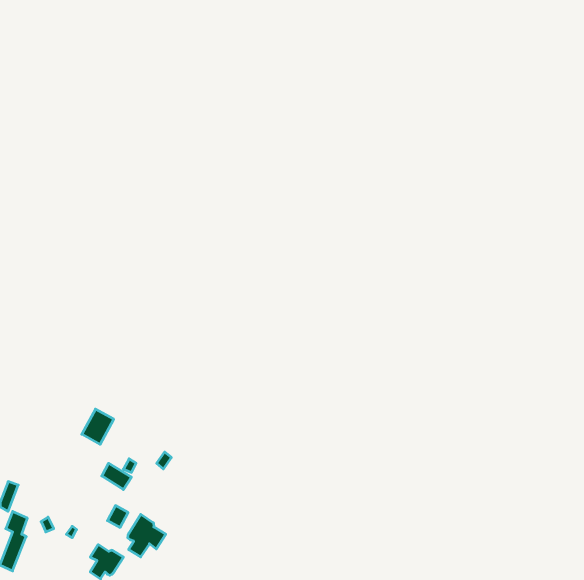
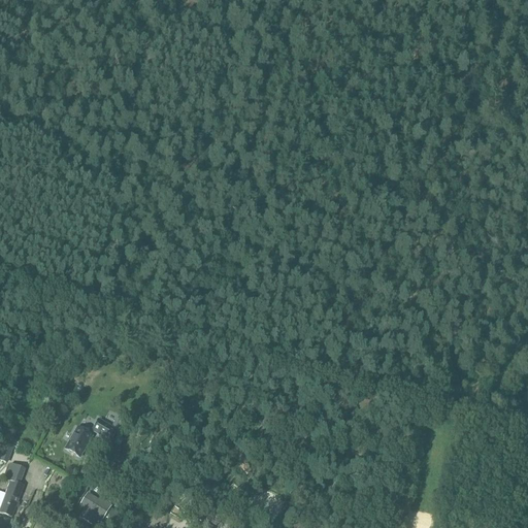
building: [82,409,114,444] -> [64,424,93,456]
building: [128,514,166,557] -> none

